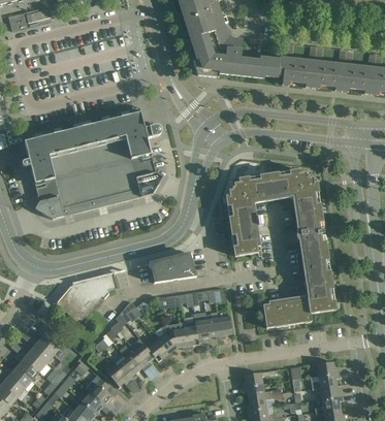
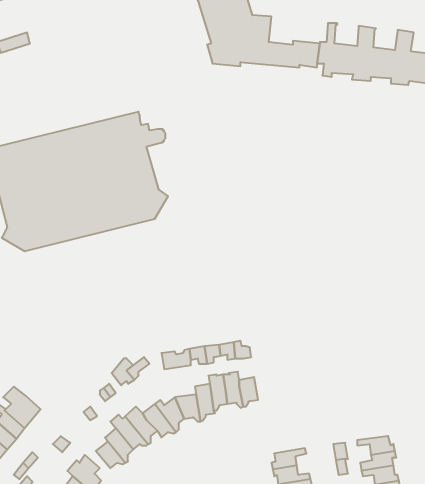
building: [226,169,335,327] -> none
building: [151,253,194,282] -> none
building: [56,272,115,323] -> none

